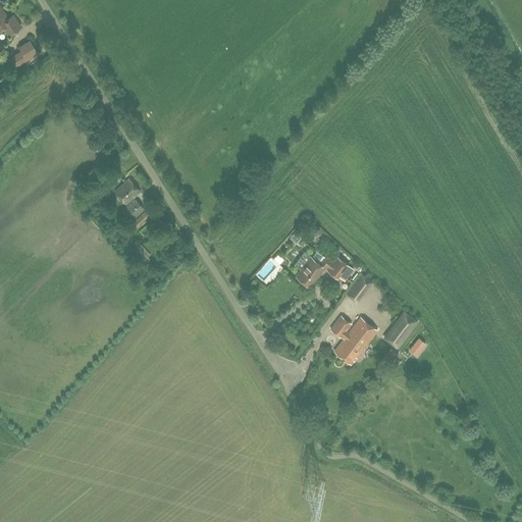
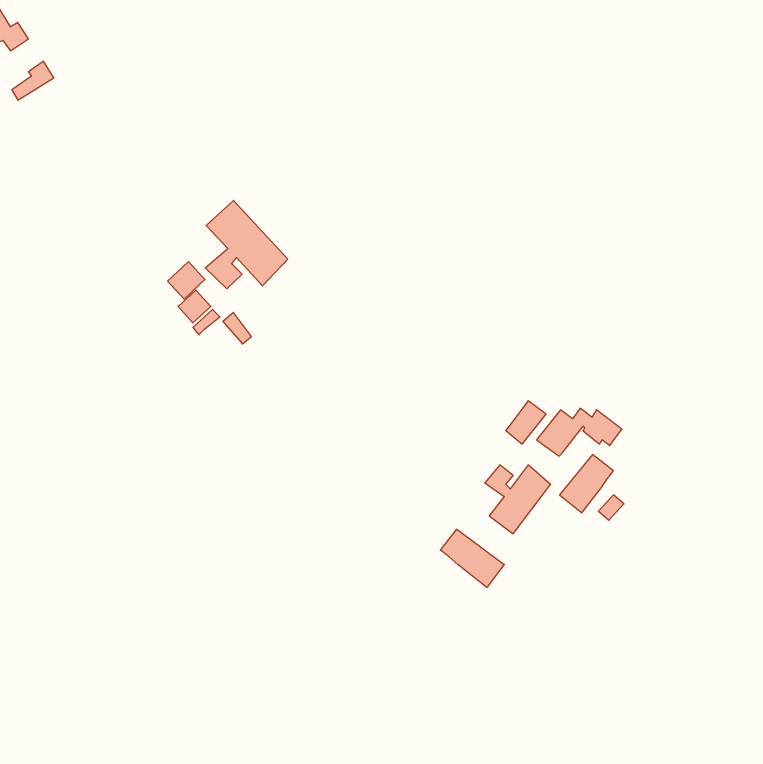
building: none -> [205,200,288,289]
building: [295,255,353,288] -> [537,408,622,456]
building: none -> [440,529,504,587]

